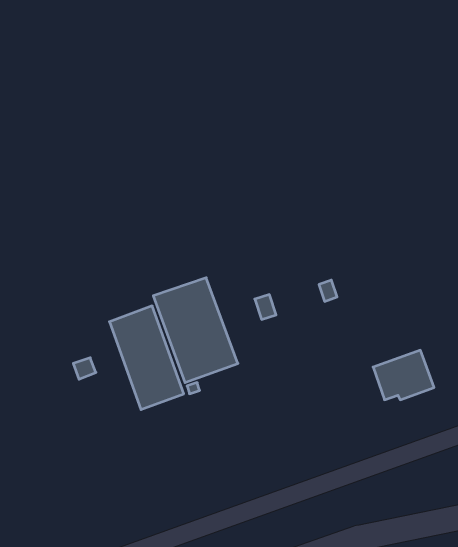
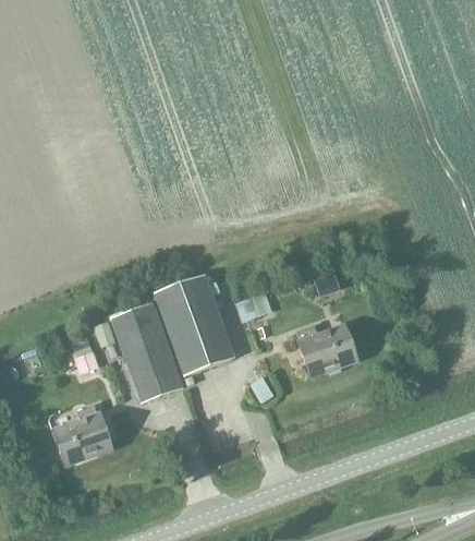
building: [373,350,434,400] -> [299,324,357,372]
building: none -> [52,404,110,465]

